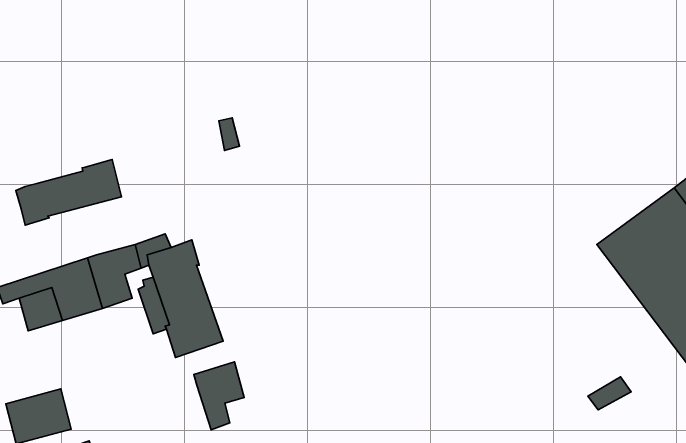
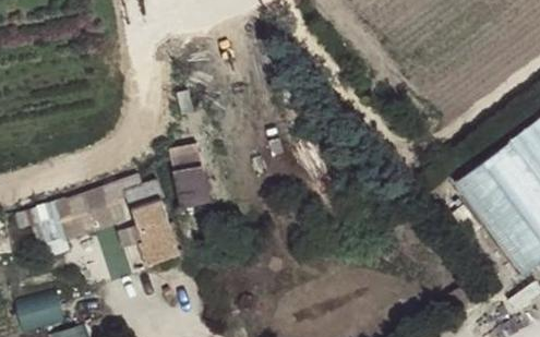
building: [16,159,122,225] -> none
building: none -> [169,145,208,207]
building: [194,362,244,430] -> none

